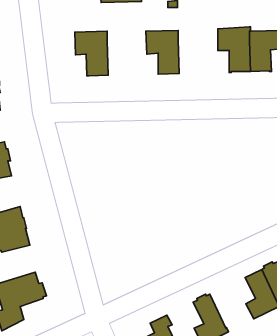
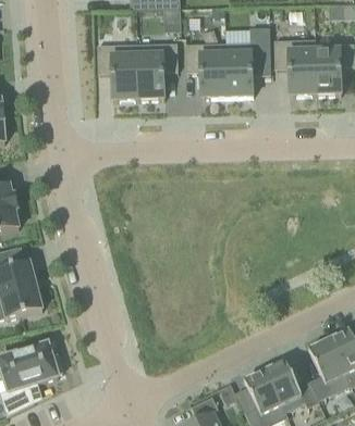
building: none -> [225,28,270,97]
building: none -> [137,43,178,99]
building: none -> [265,361,319,413]

